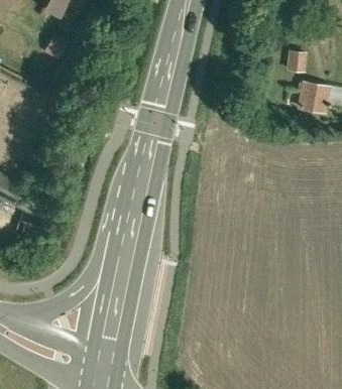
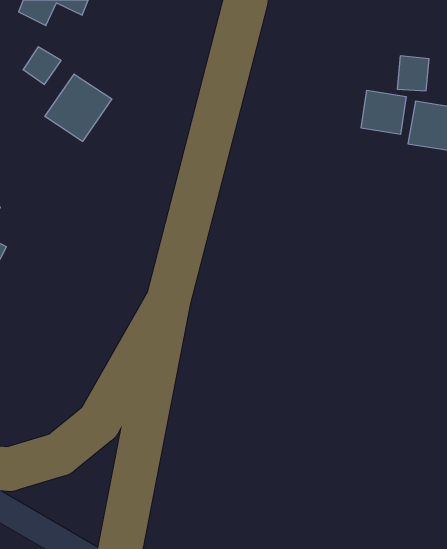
building: none -> [45,74,112,141]
building: none -> [361,90,406,134]

